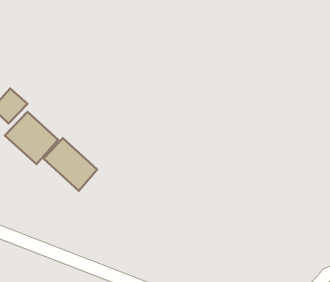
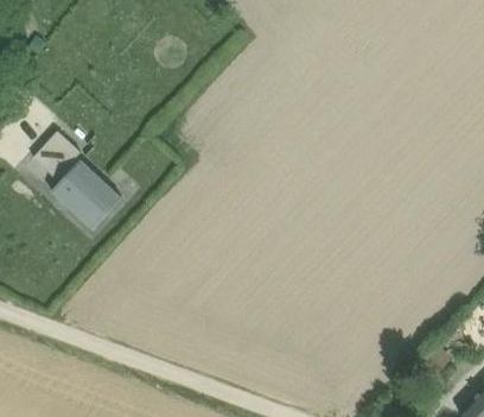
building: [44,138,97,191] -> none

